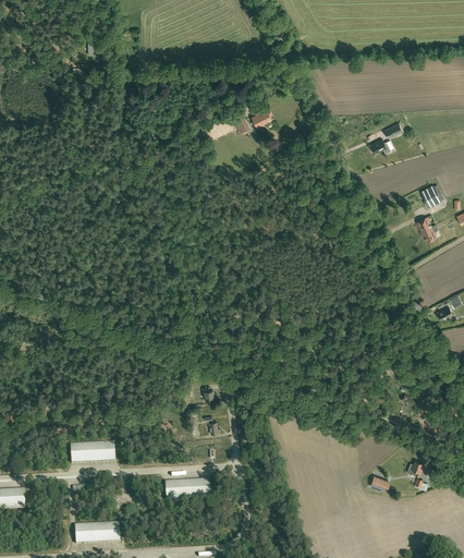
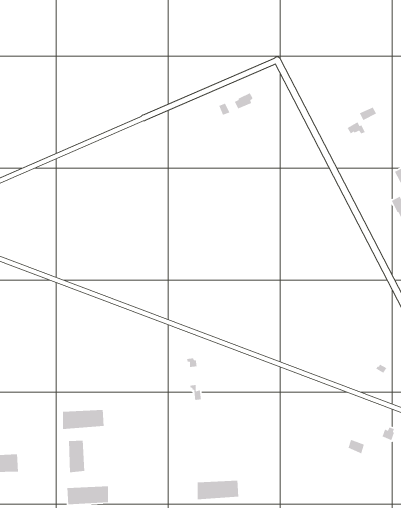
building: none -> [68,440,85,473]
building: [166,477,210,499] -> [197,480,239,500]

